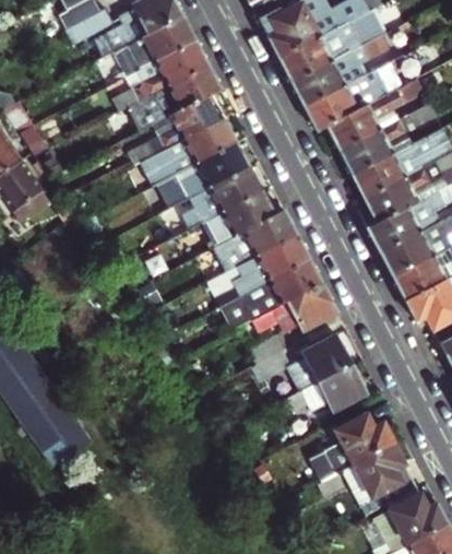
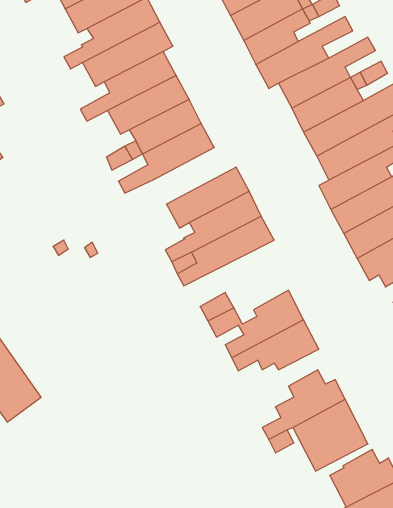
building: [202,189,274,248] -> none
building: [231,282,338,343] -> none

